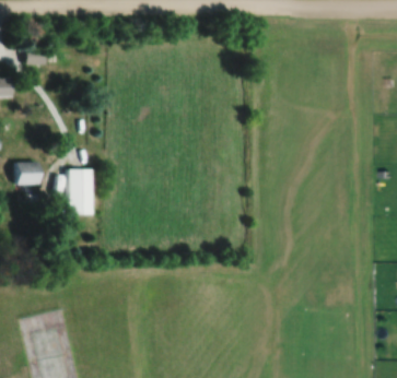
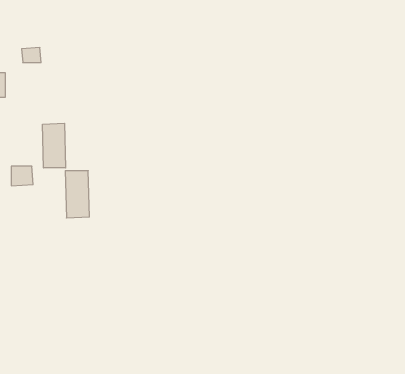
building: none -> [43,123,66,168]

